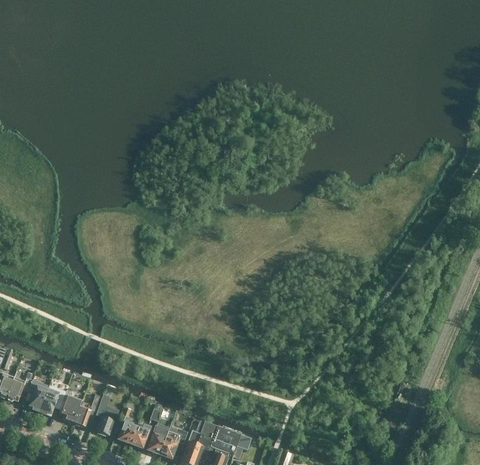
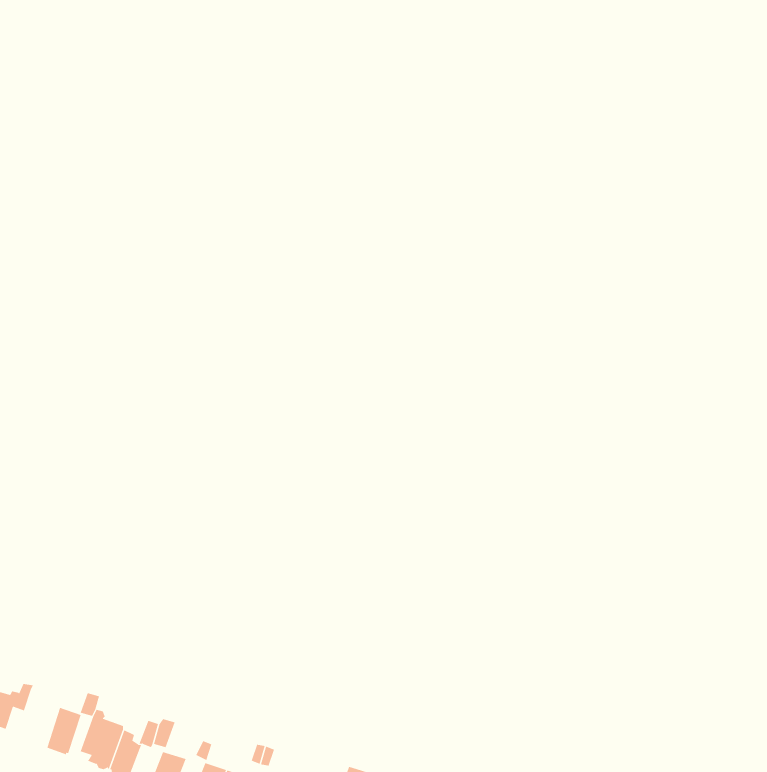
building: [25,378,49,410] -> none

